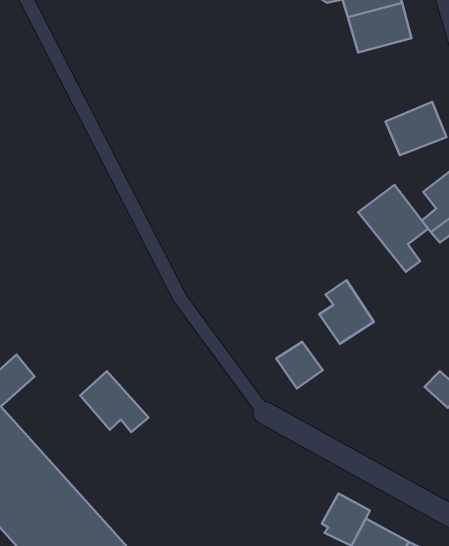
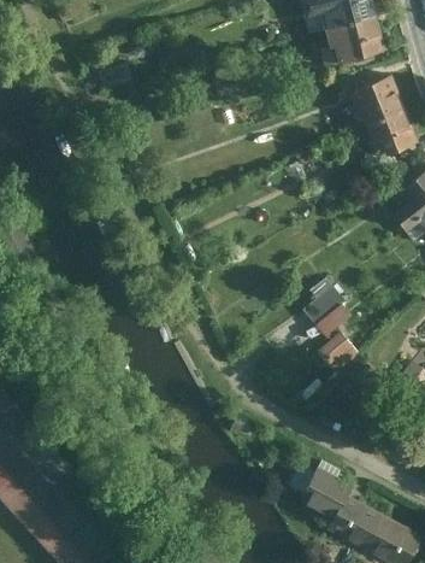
building: none -> [348,75,406,128]
building: [358,185,428,272] -> none
building: [276,342,323,389] -> [318,330,361,374]
building: [80,371,148,432] -> none

